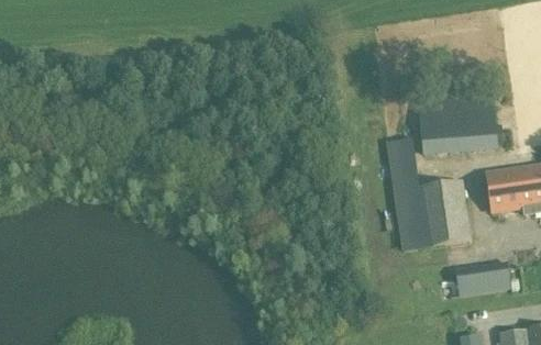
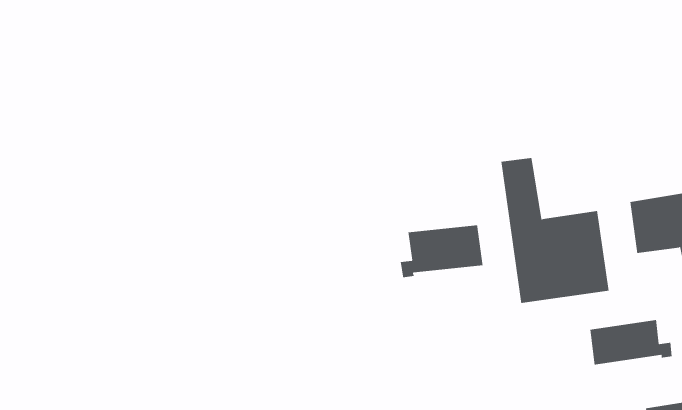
building: [417,93,498,156] -> none
building: none -> [400,224,483,278]

